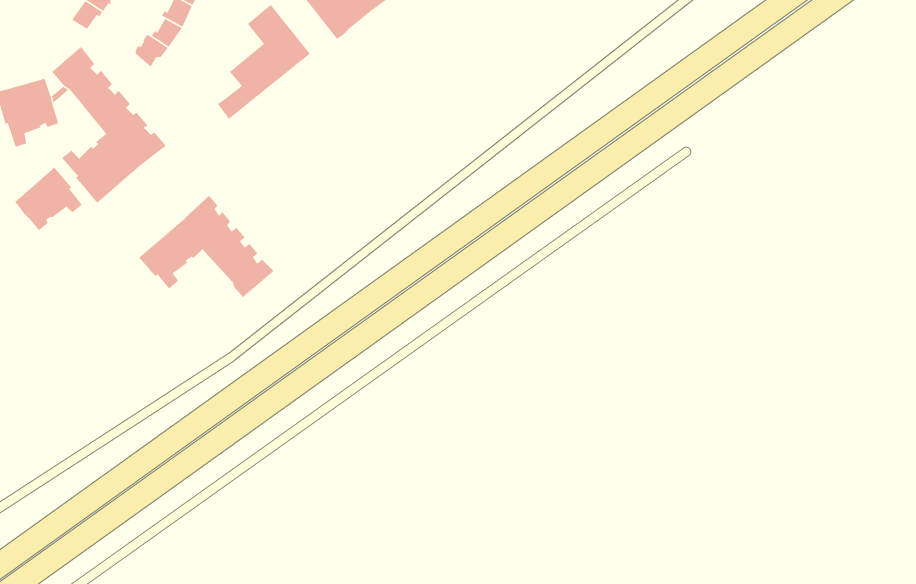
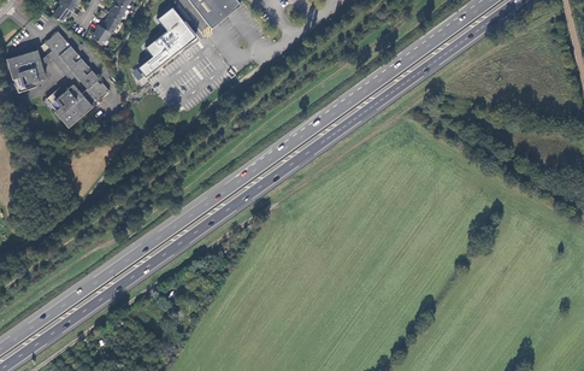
building: [14,167,83,231] -> none
building: [138,195,274,298] -> none

